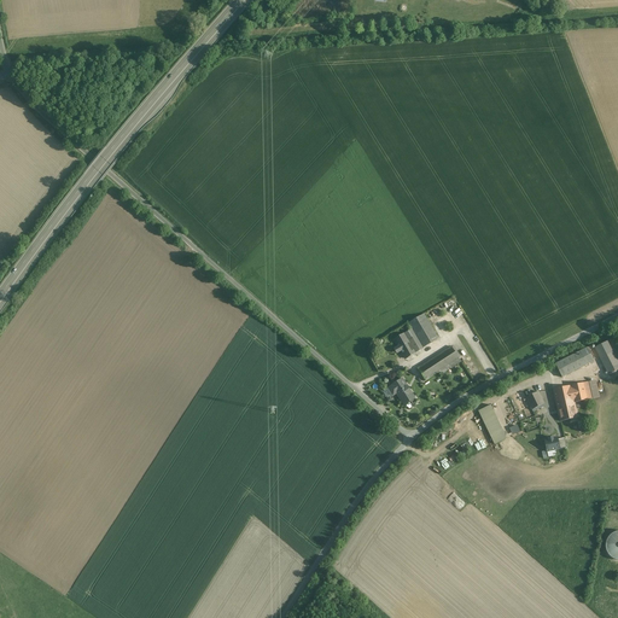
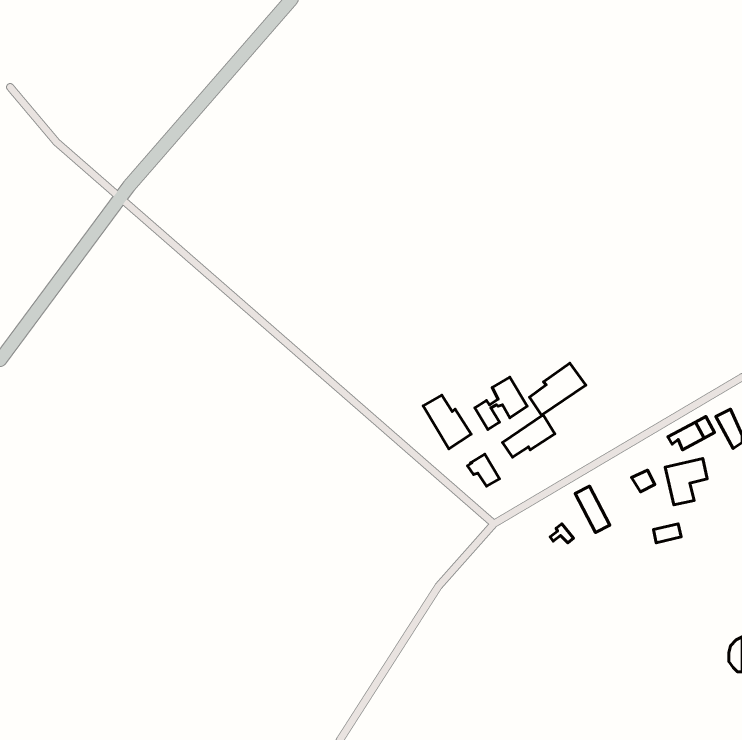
building: none -> [529,363,586,415]
building: none -> [423,395,471,449]

